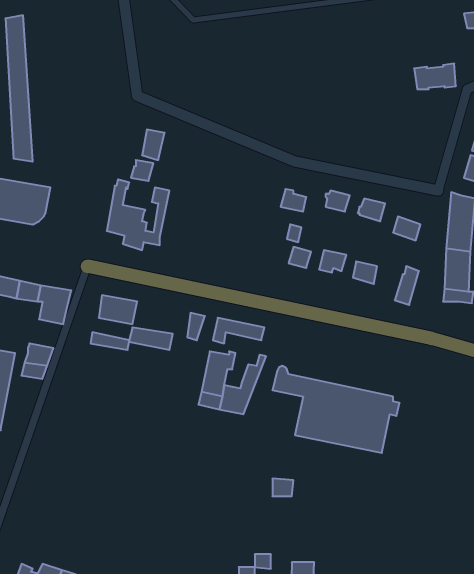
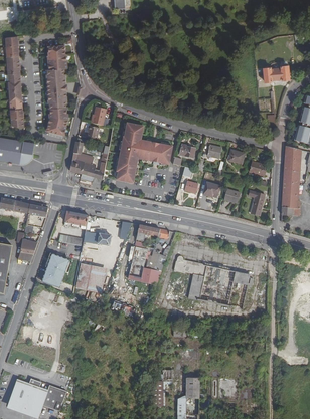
building: none -> [46,45,68,134]
building: none -> [114,121,171,182]
building: none -> [42,253,68,286]
building: none -> [75,262,106,292]

